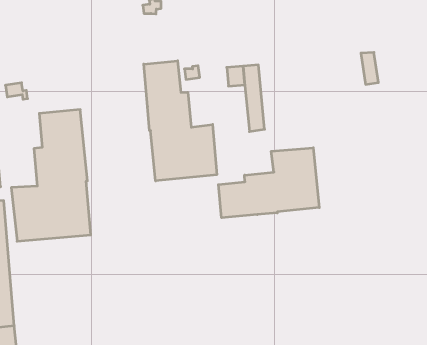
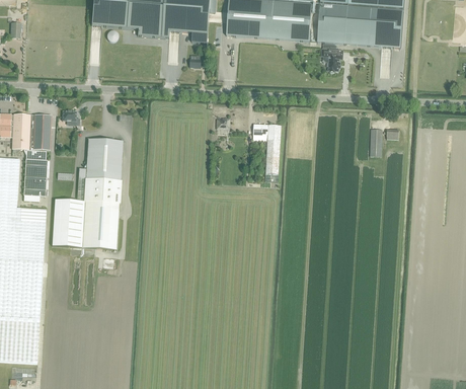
building: [144,61,217,181] -> none
building: [218,148,319,218] -> none

